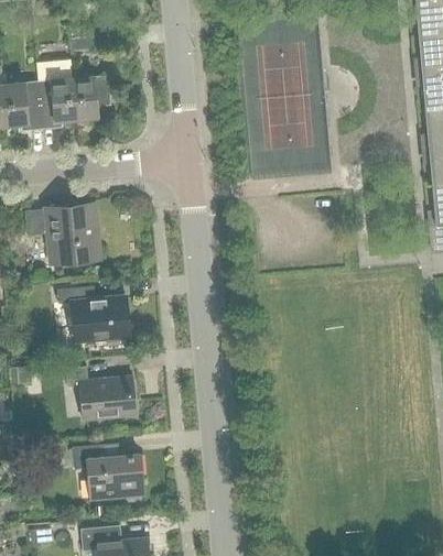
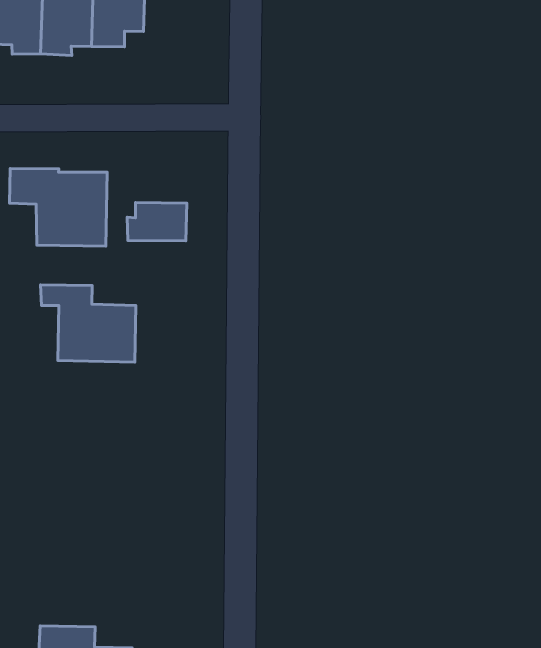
building: none -> [127,202,187,241]
building: [66,367,138,422] -> none
building: [73,445,144,500] -> none

